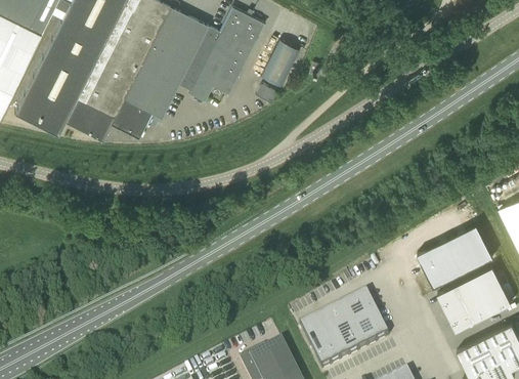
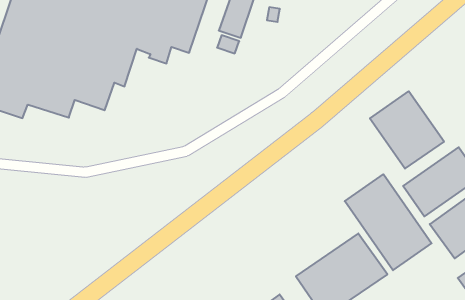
building: none -> [370,91,444,169]
building: none -> [345,174,432,270]

